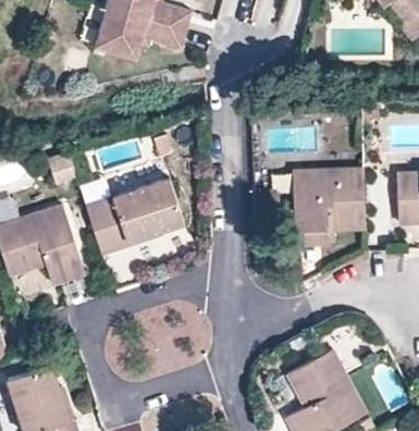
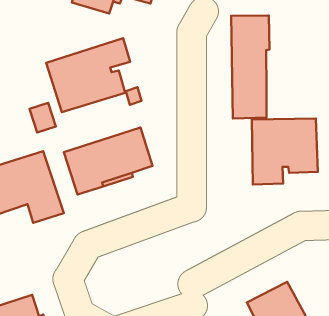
building: none -> [231,16,269,118]
building: none -> [46,38,130,112]

